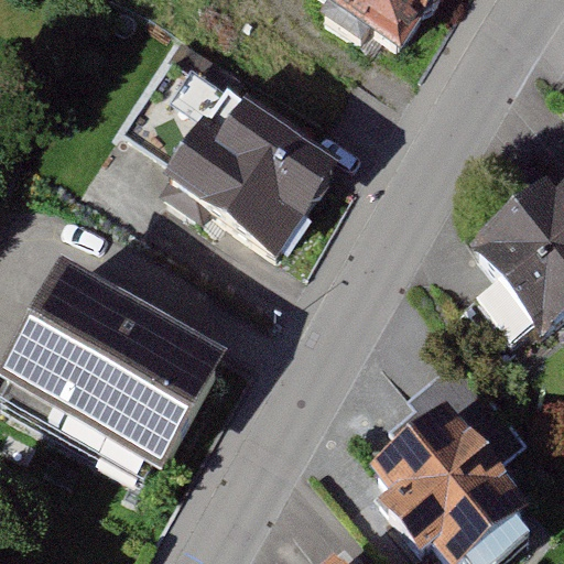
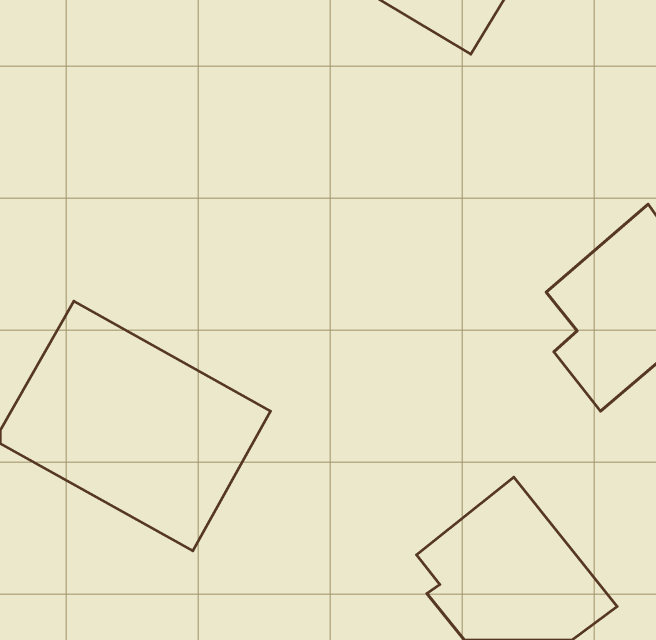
building: [158,90,340,263] -> none

